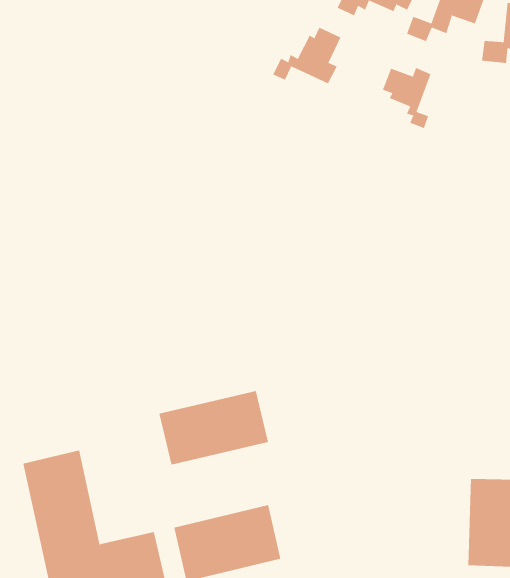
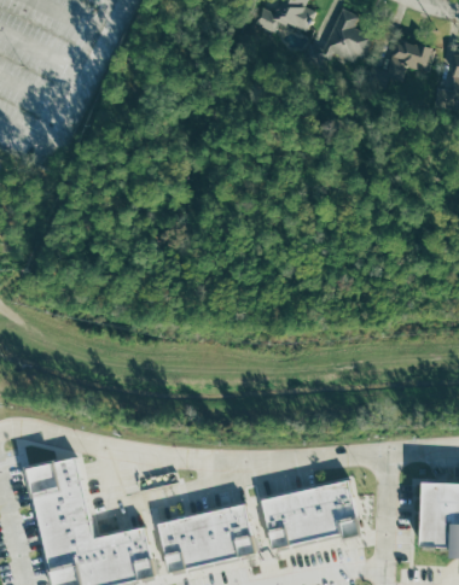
building: [273,27,341,84] -> none
building: [382,67,431,129] -> none
building: [159,390,269,465] -> [260,479,358,545]

